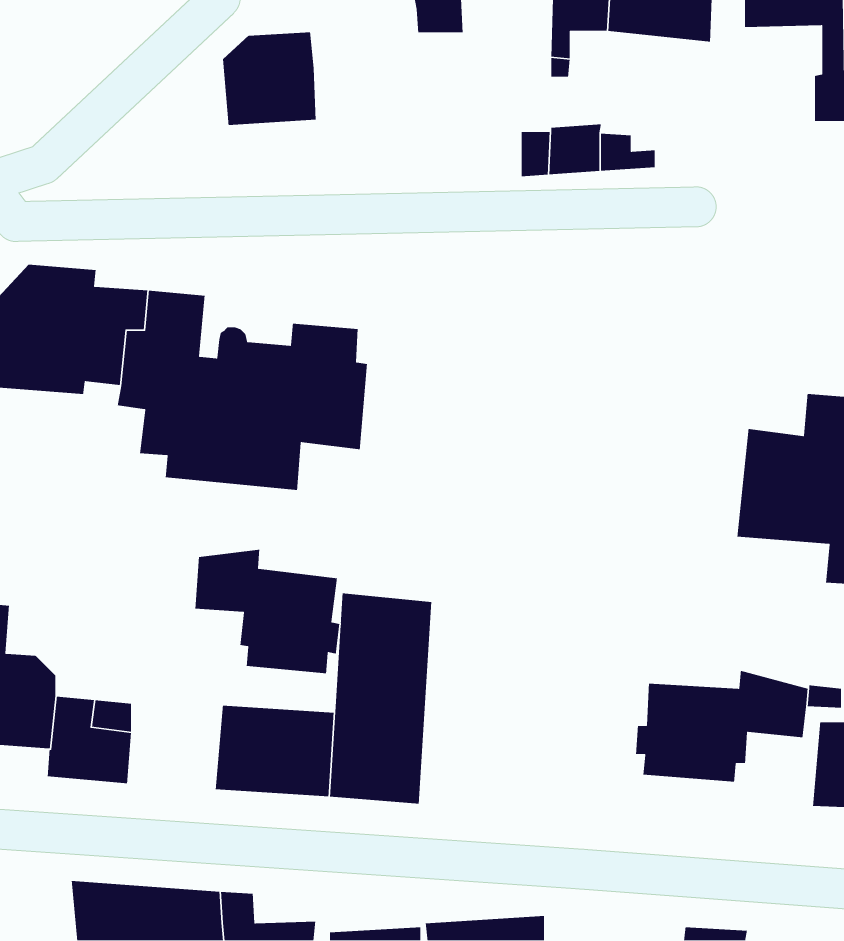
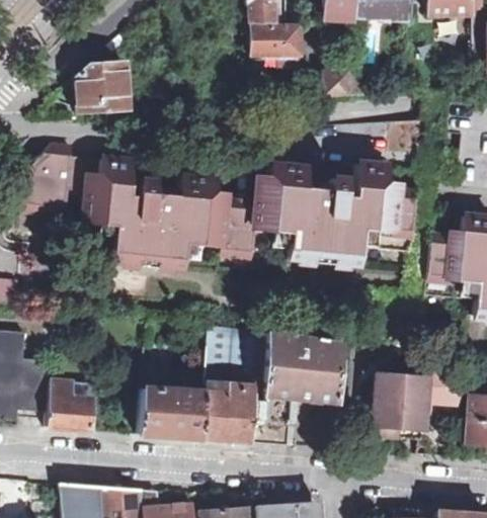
building: [222,32,316,126] -> [76,62,128,113]
building: none -> [251,24,301,65]
building: none -> [219,163,417,266]
building: [195,549,340,674] -> none
building: none -> [251,330,349,443]

